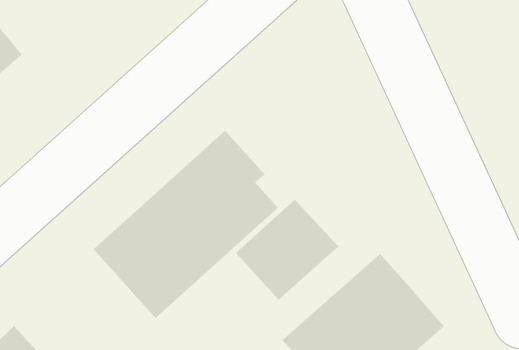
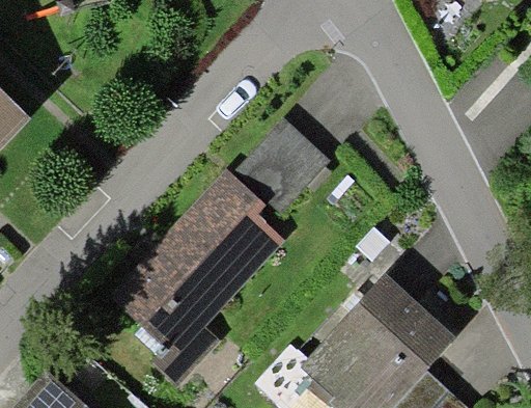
building: [235,199,339,300] -> [232,123,330,220]

